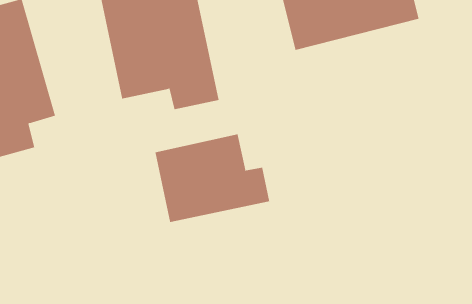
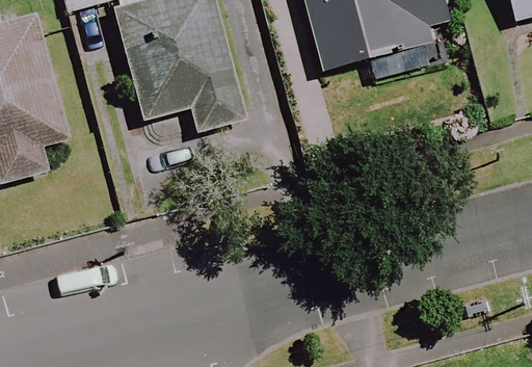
building: [155,134,270,223] -> none

